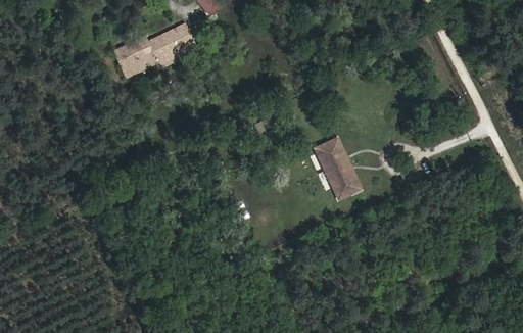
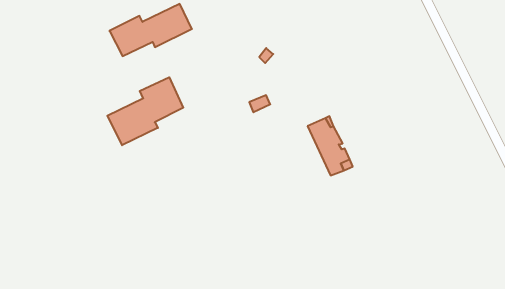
building: none -> [107,77,183,145]

